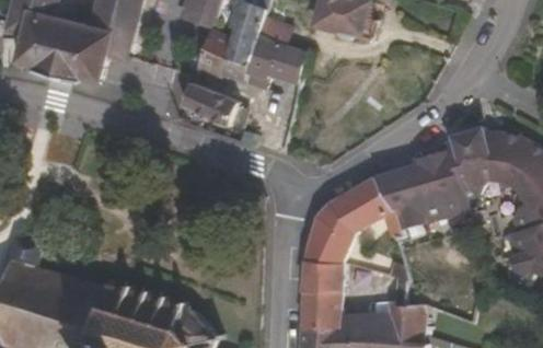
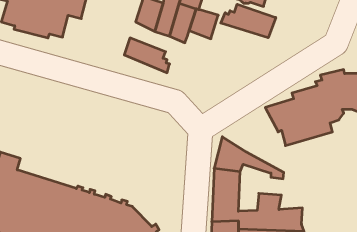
building: none -> [221,4,276,38]
building: [315,177,403,237] -> none

